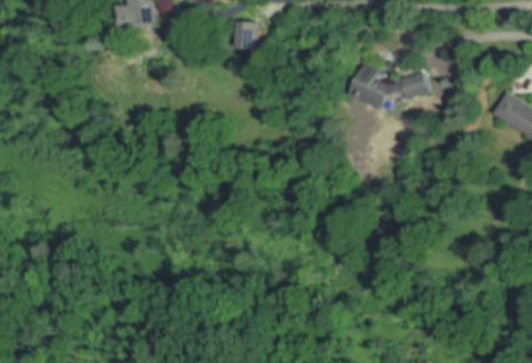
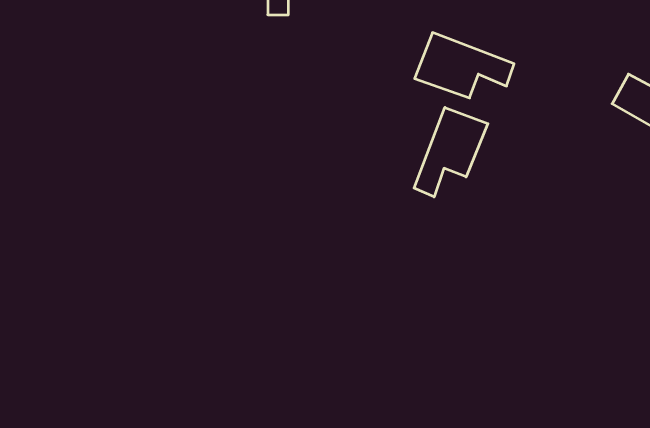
building: none -> [414,107,488,197]

